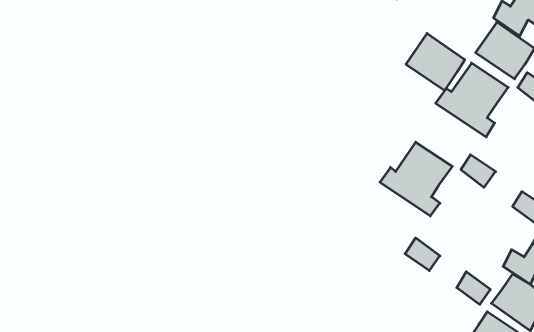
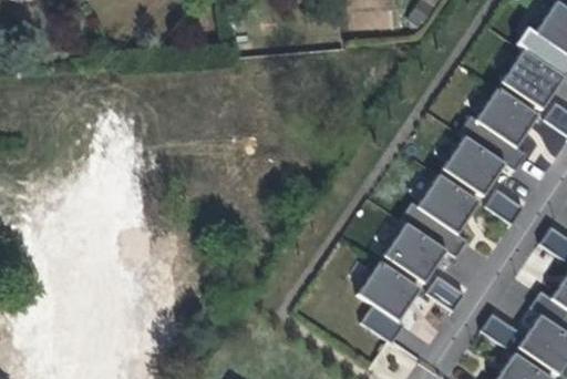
building: [406,33,465,90] -> [442,136,504,196]
building: none -> [383,223,445,283]
building: none -> [359,262,419,340]

